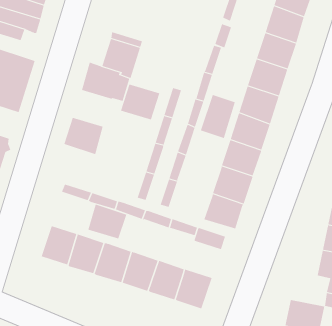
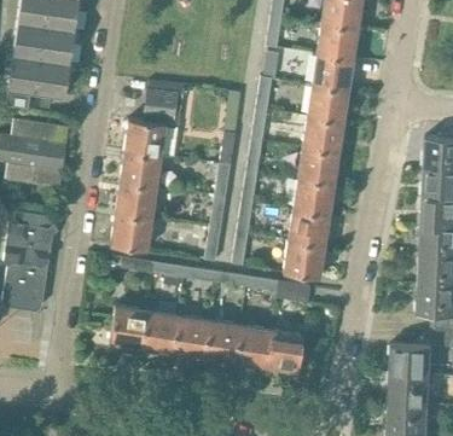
building: [120,84,160,120] -> [118,151,159,187]
building: [200,94,235,139] -> none
building: [87,204,127,239] -> [110,214,151,249]

